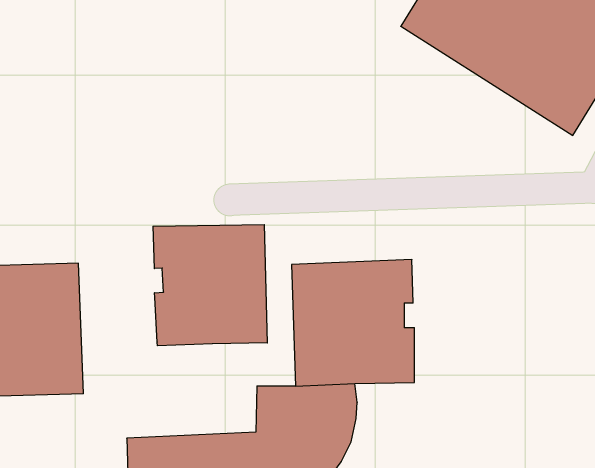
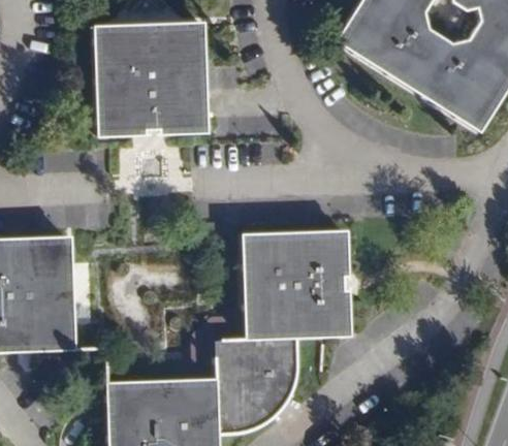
building: none -> [94,23,205,134]
building: [153,225,267,346] -> none

